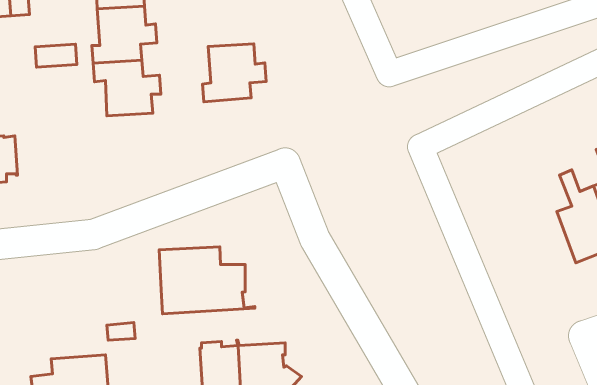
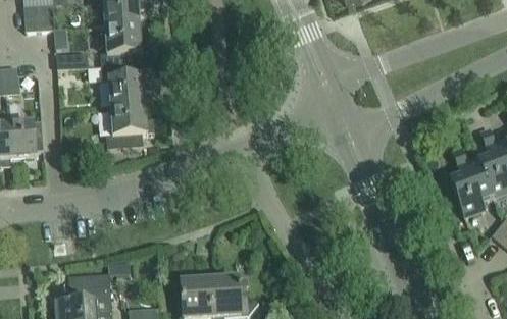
building: [203,44,266,102] -> [106,104,154,148]
building: [159,247,255,314] -> none

